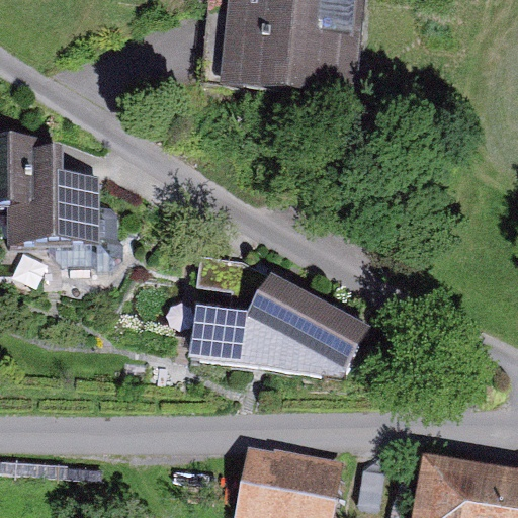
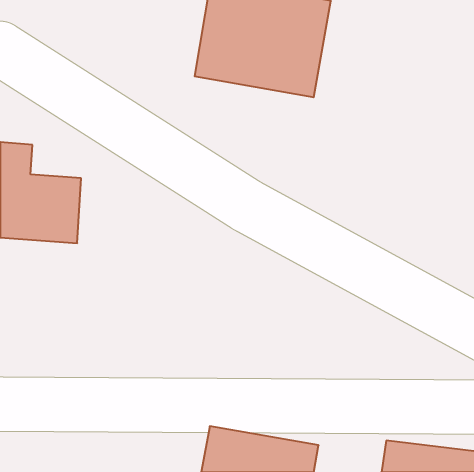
building: [171,279,365,386] -> none

